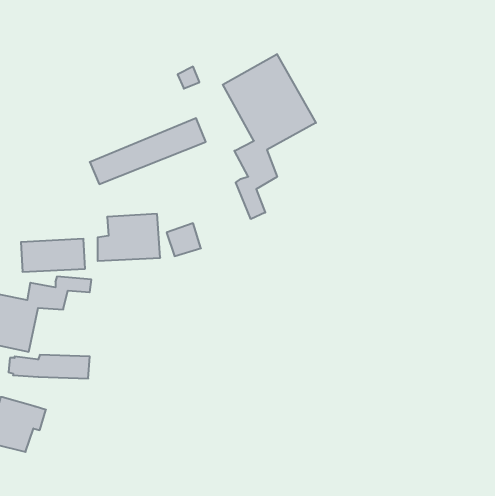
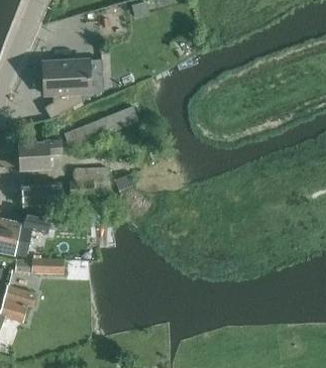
building: none -> [41,60,90,119]
building: [223,54,316,219] -> none
building: none -> [17,141,62,169]

